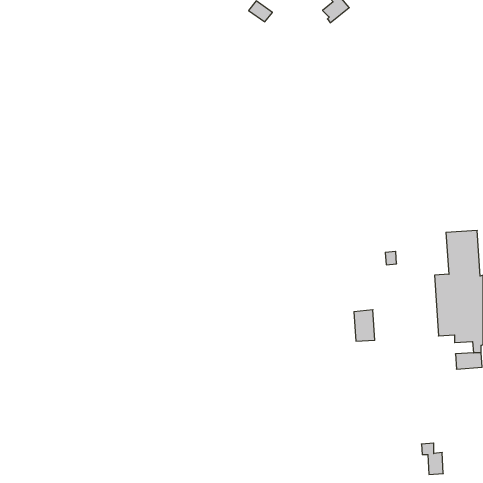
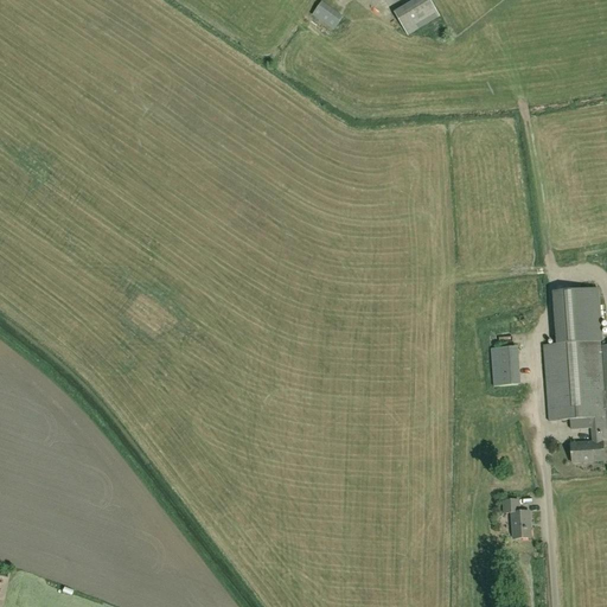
building: [354,310,375,341] -> [491,345,517,384]
building: [421,443,443,474] -> [503,498,530,537]

